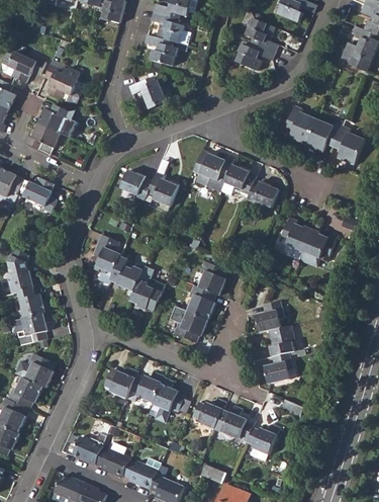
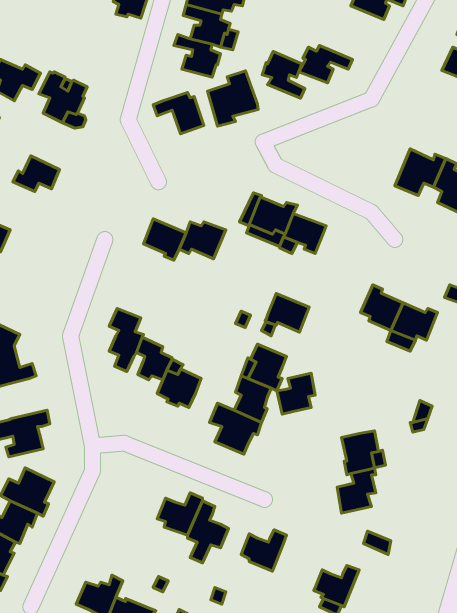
building: [246,17,277,52] -> [262,51,305,98]
building: none -> [207,71,258,126]
building: [37,103,69,133] -> none
building: [287,104,316,145] -> none
building: [21,177,56,212] -> none
building: [245,179,277,207] -> [265,293,309,332]
building: [19,286,53,316] -> none
building: [254,302,282,332] -> [277,373,315,414]
building: [103,367,138,397] -> none
building: [213,406,253,440] -> none

